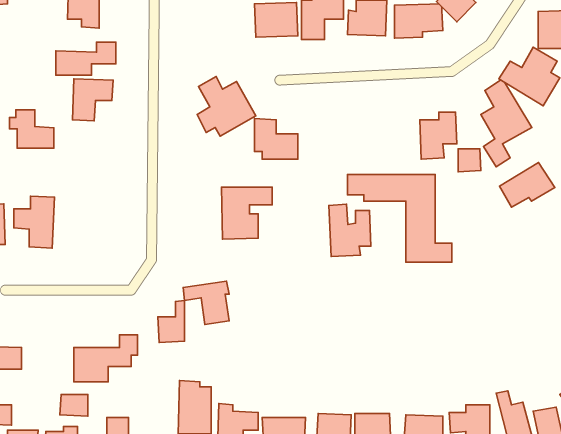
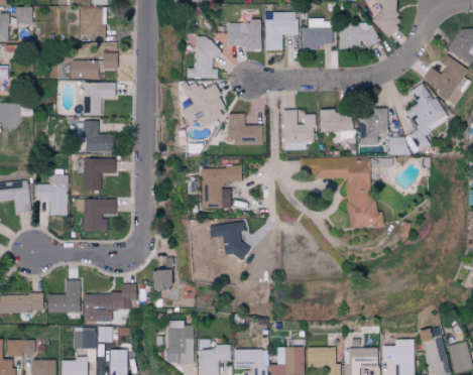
building: none -> [188,36,218,79]
building: [9,110,54,148] -> [79,121,114,151]
building: none -> [320,110,353,131]
building: [499,162,555,207] -> none
building: none -> [84,158,116,191]
building: [329,204,371,256] -> [282,109,316,150]
building: none -> [77,199,116,232]
building: [183,281,229,325] -> [209,222,245,256]
building: none -> [47,280,81,318]

